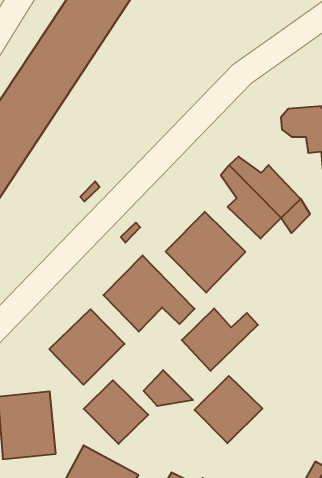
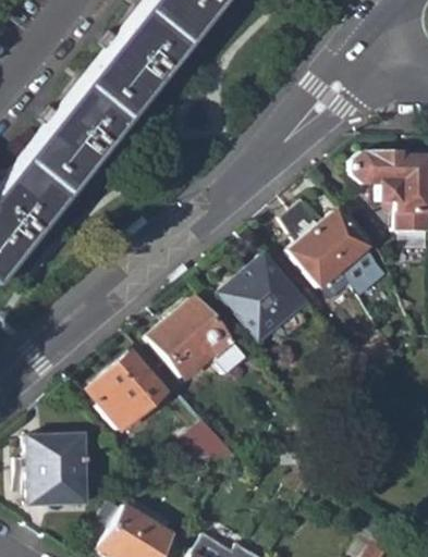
building: [182,308,258,371] -> none
building: [194,376,262,443] -> none
building: [84,380,148,444] -> none

